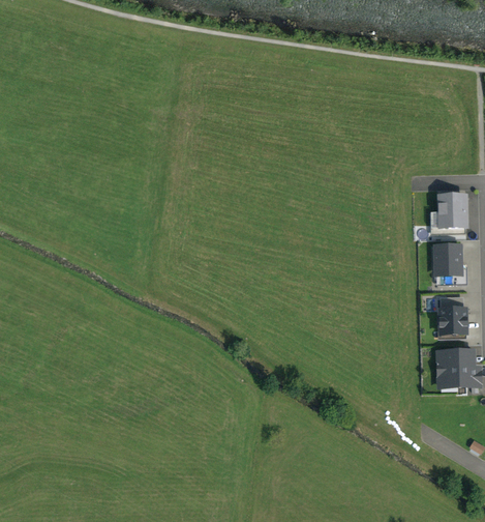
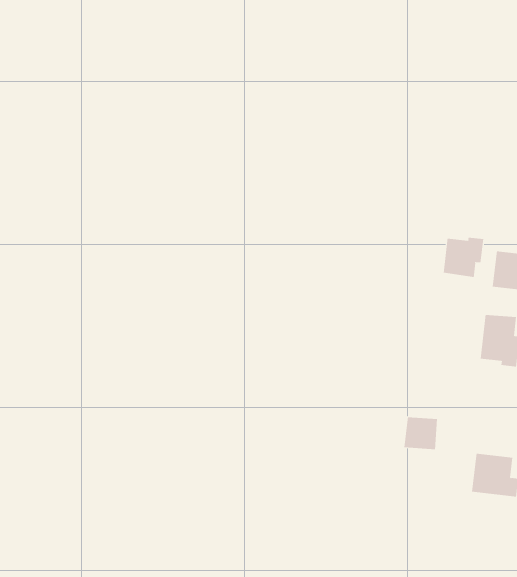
building: none -> [443,237,484,278]
building: [439,310,464,335] -> [403,417,438,450]

